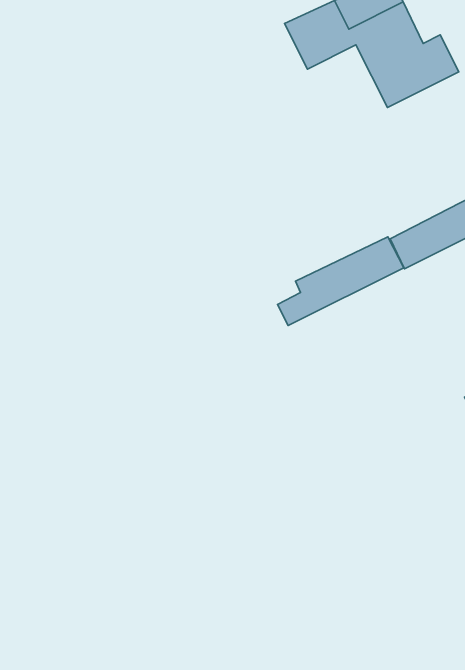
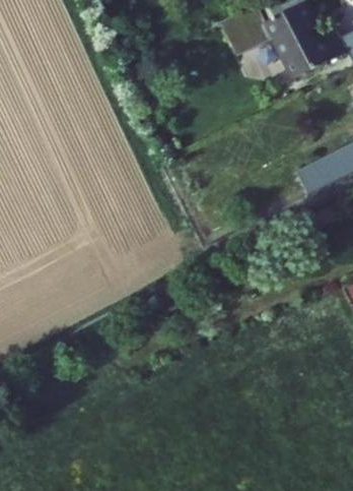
building: [278,237,404,326] -> none

